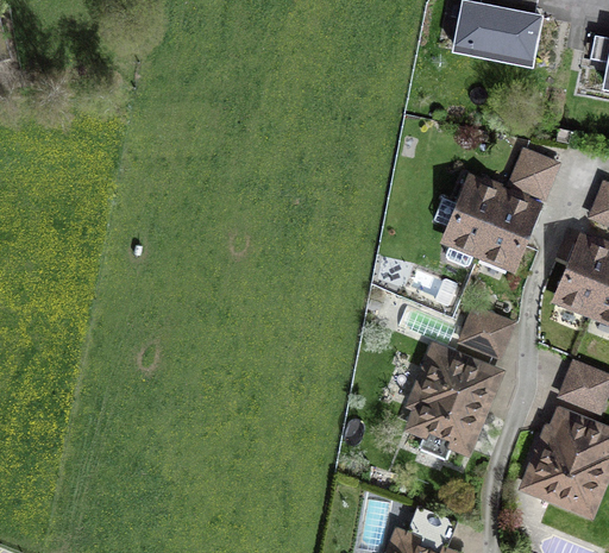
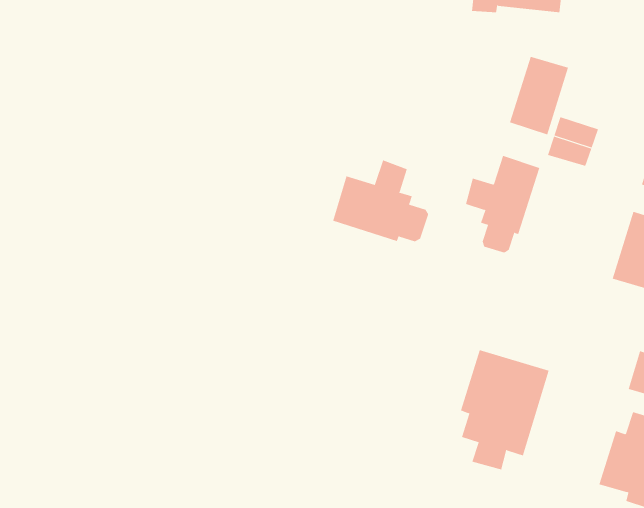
building: none -> [332,160,429,242]
building: [479,194,536,265] -> [509,56,569,135]
building: [460,307,513,357] -> none

